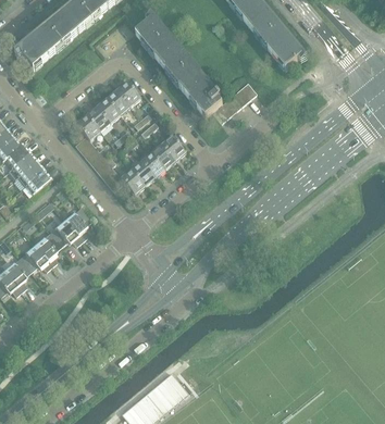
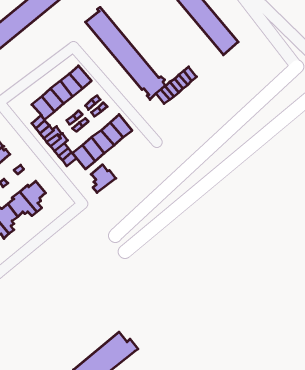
building: none -> [91,165,116,193]

